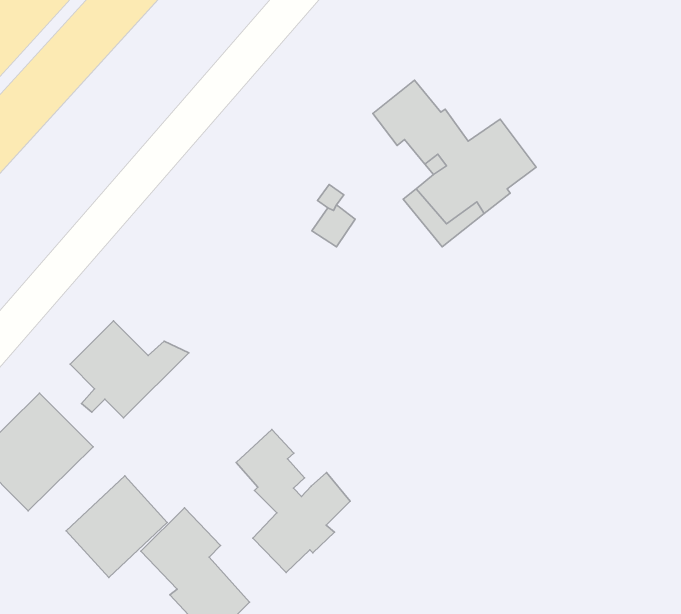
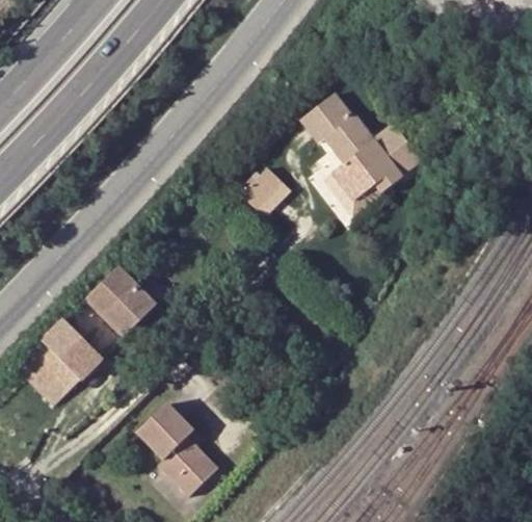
building: [236,430,350,573] -> none
building: [66,476,167,577] -> none

